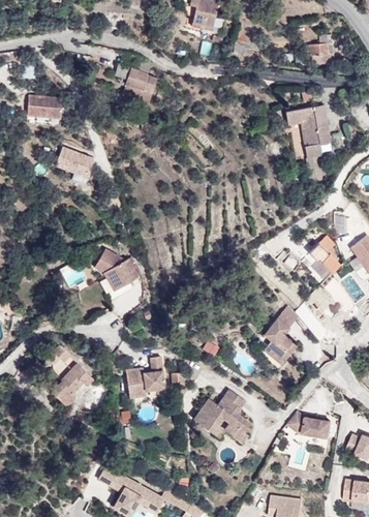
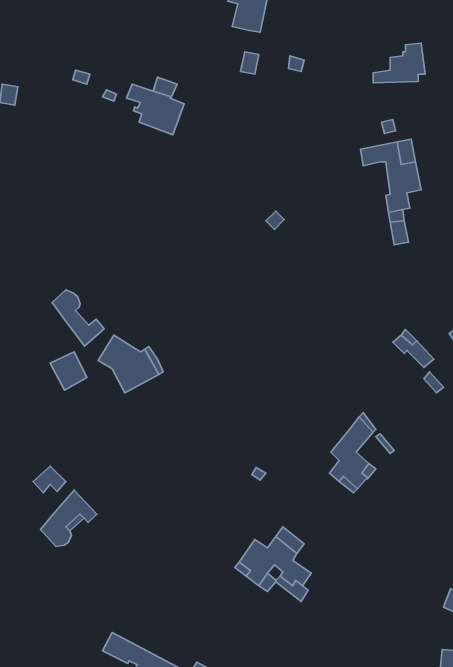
building: [27,95,62,118] -> none
building: [55,146,94,177] -> none
building: none -> [52,290,104,346]
building: [126,357,165,397] -> none
building: [287,412,331,437] -> none

